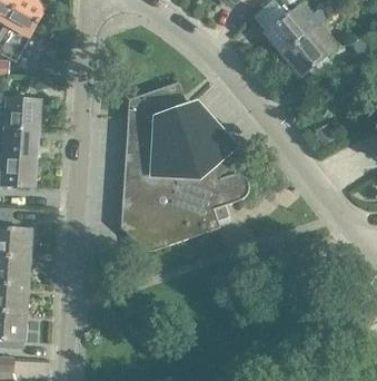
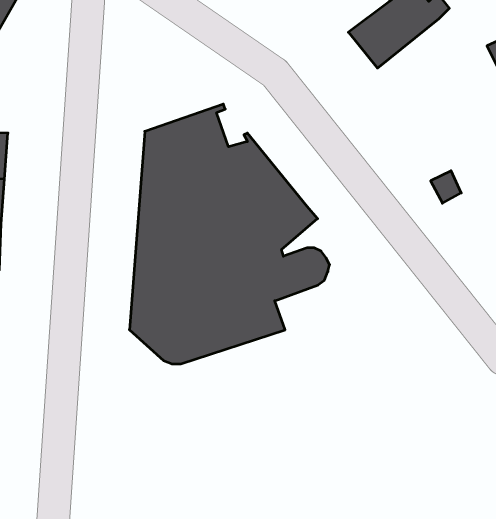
building: [280,23,338,78] -> none

